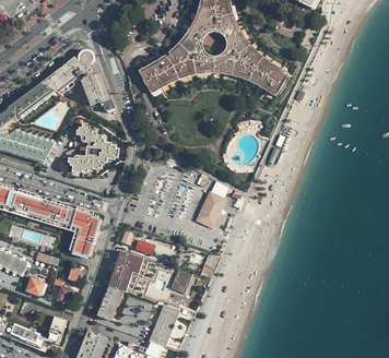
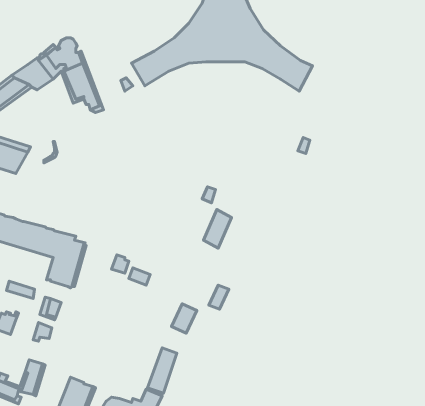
building: [68,122,118,172] -> none
building: [97,249,143,319] -> none

